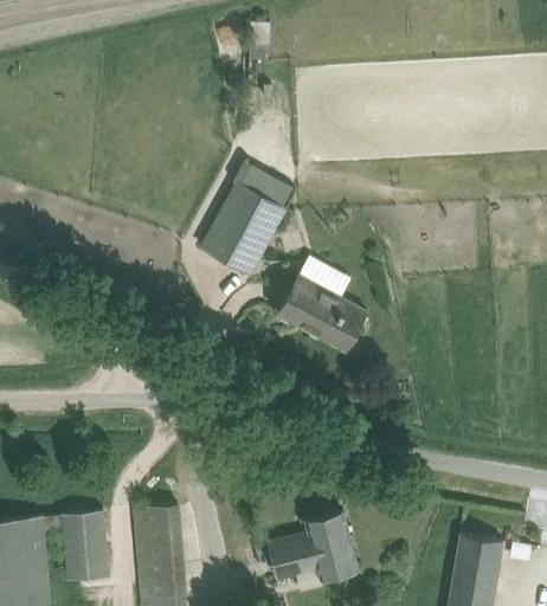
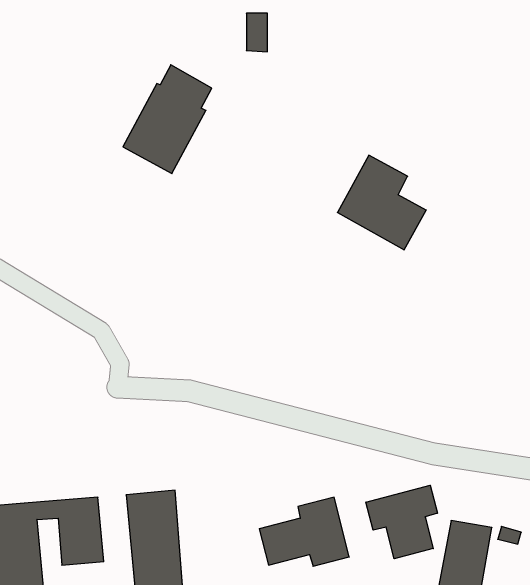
building: [201,166,291,276] -> [123,65,212,174]
building: [277,258,367,354] -> [337,155,426,250]
building: none -> [366,485,437,559]

